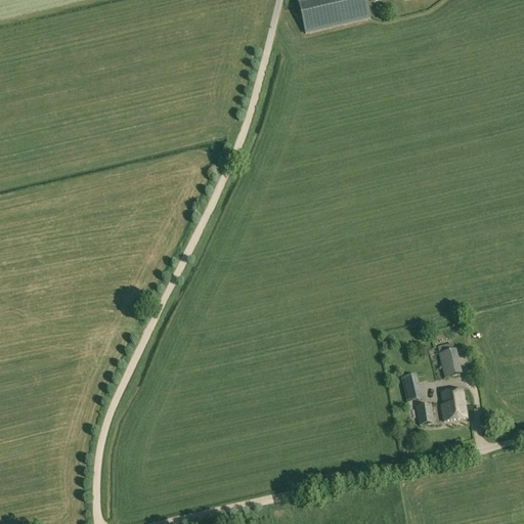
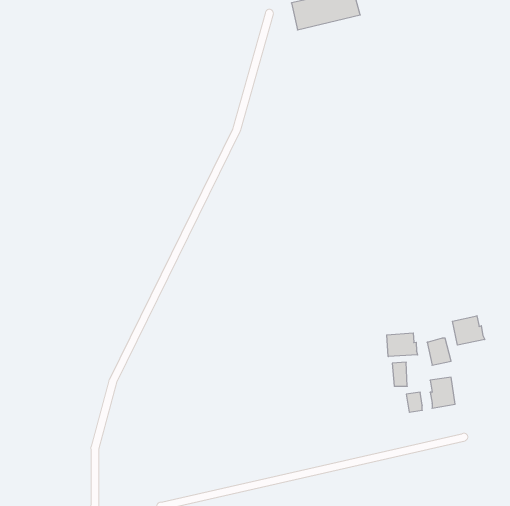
building: none -> [452,316,485,345]
building: none -> [387,333,418,357]

